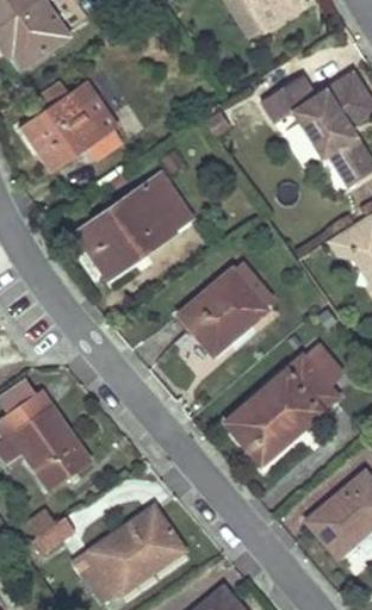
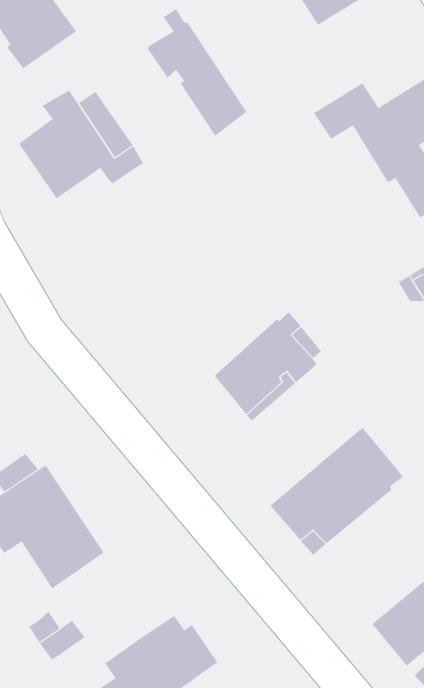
building: none -> [146,8,247,137]
building: [80,174,191,272] -> none

